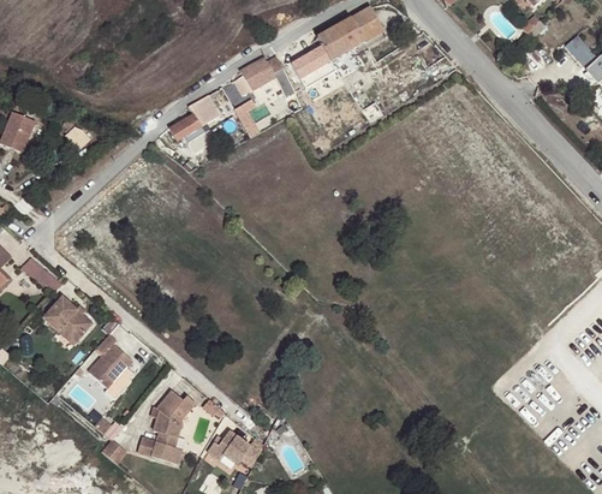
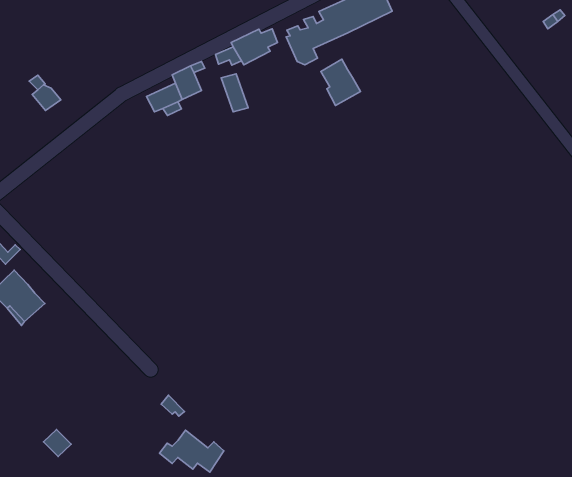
building: none -> [321,59,361,105]
building: [89,332,133,387] -> none
building: [138,388,197,462] -> none

